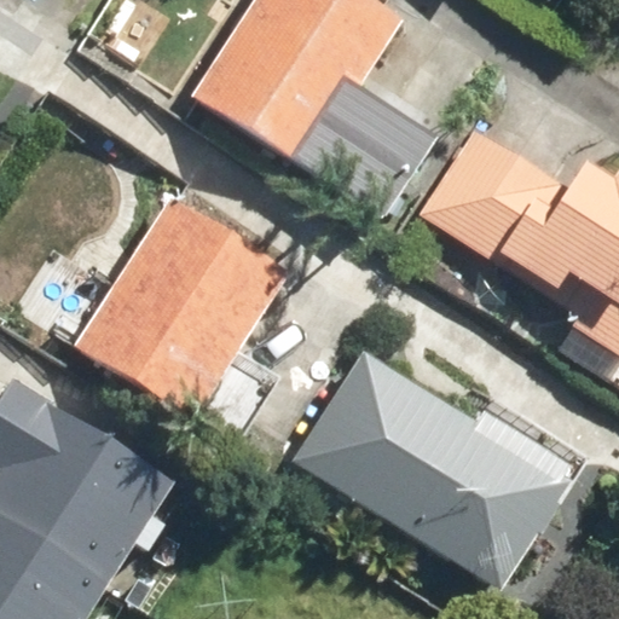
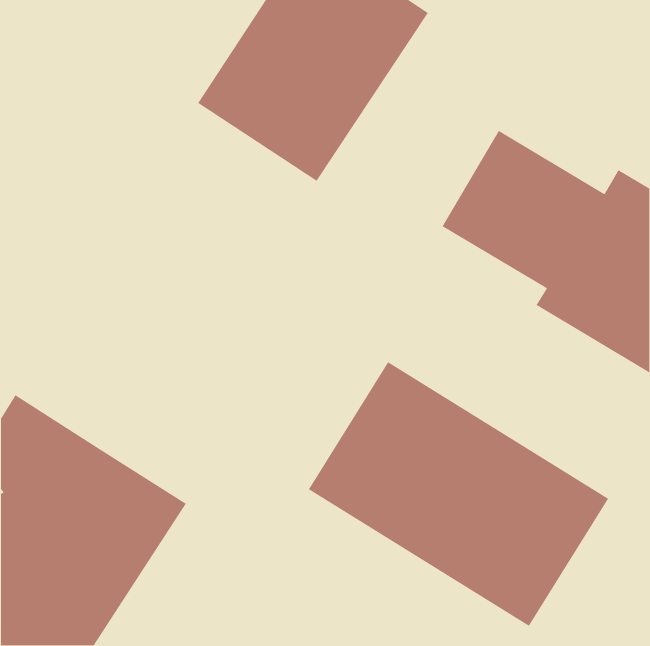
building: [74,193,294,424] -> none

